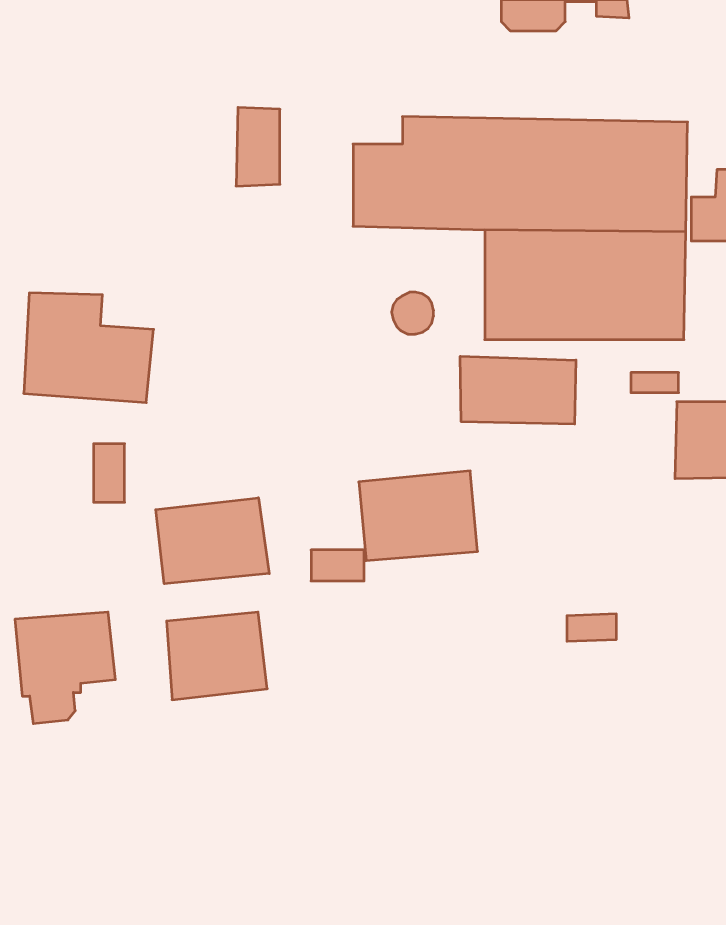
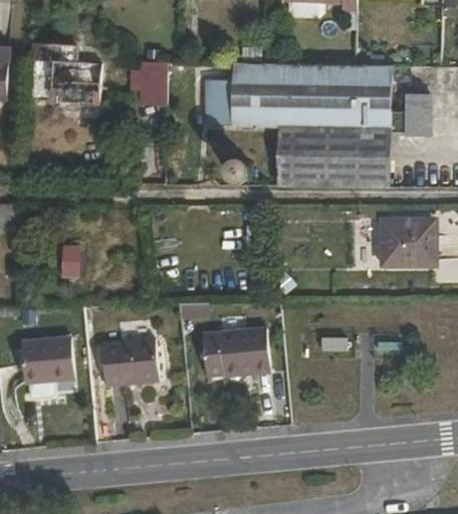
building: [24,293,154,403] -> [32,43,103,103]
building: [460,356,576,424] -> none
building: [359,471,478,561] -> [205,326,270,375]
building: [156,498,269,584] -> none

